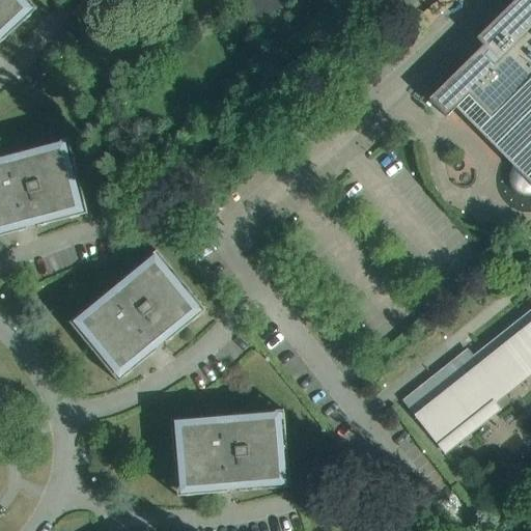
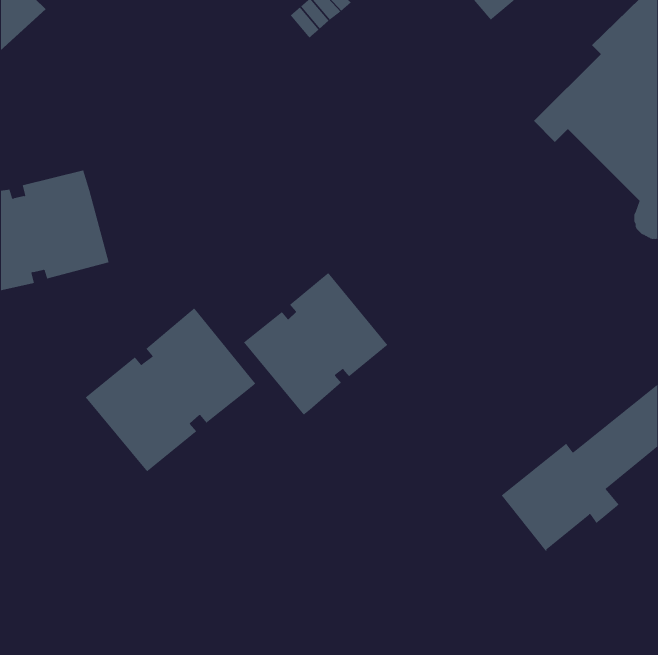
building: none -> [243,272,388,416]
building: [171,408,290,495] -> none

